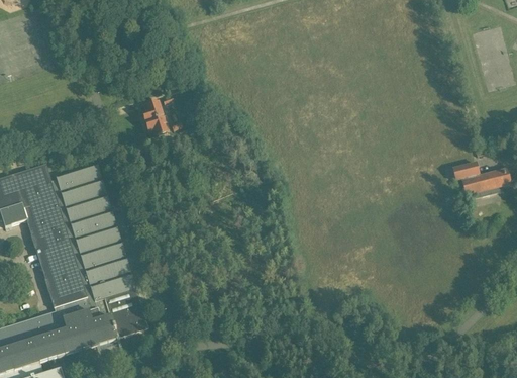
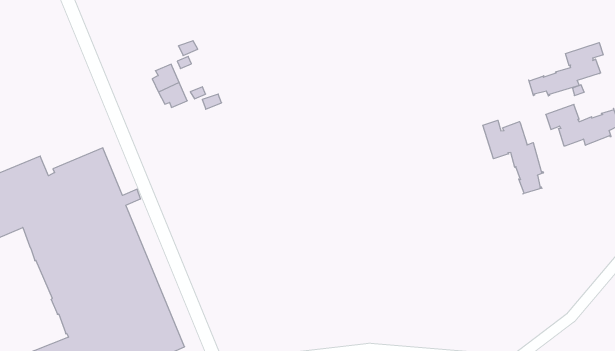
building: none -> [529,43,603,96]
building: none -> [483,120,543,194]

